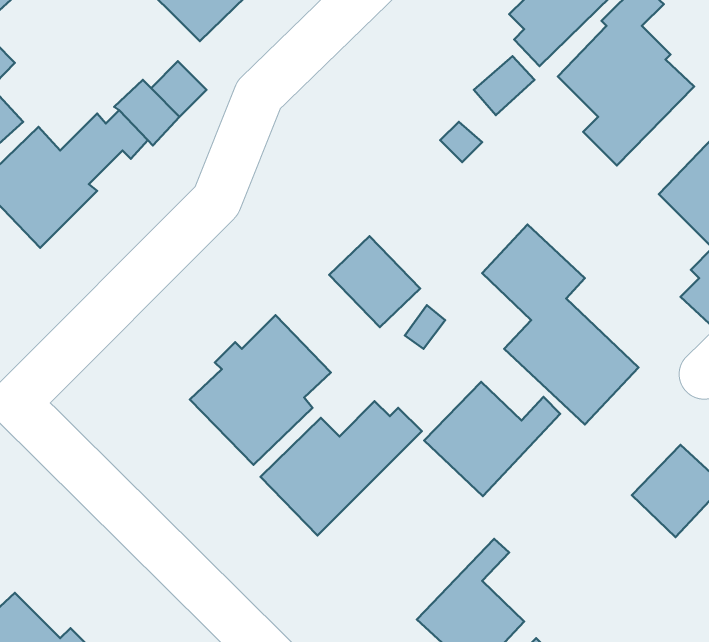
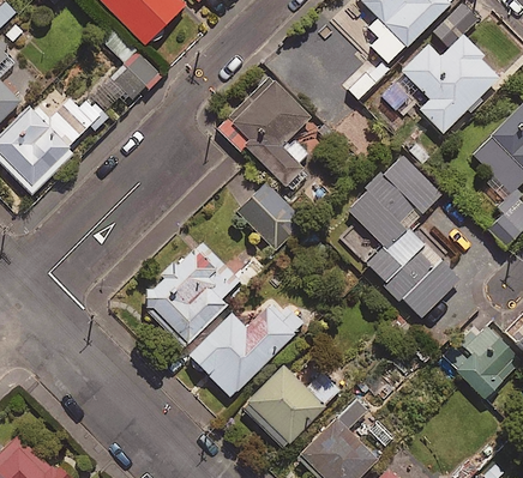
building: none -> [220,78,311,187]
building: none -> [380,153,441,213]
building: [424,382,560,496] -> [244,365,341,447]

